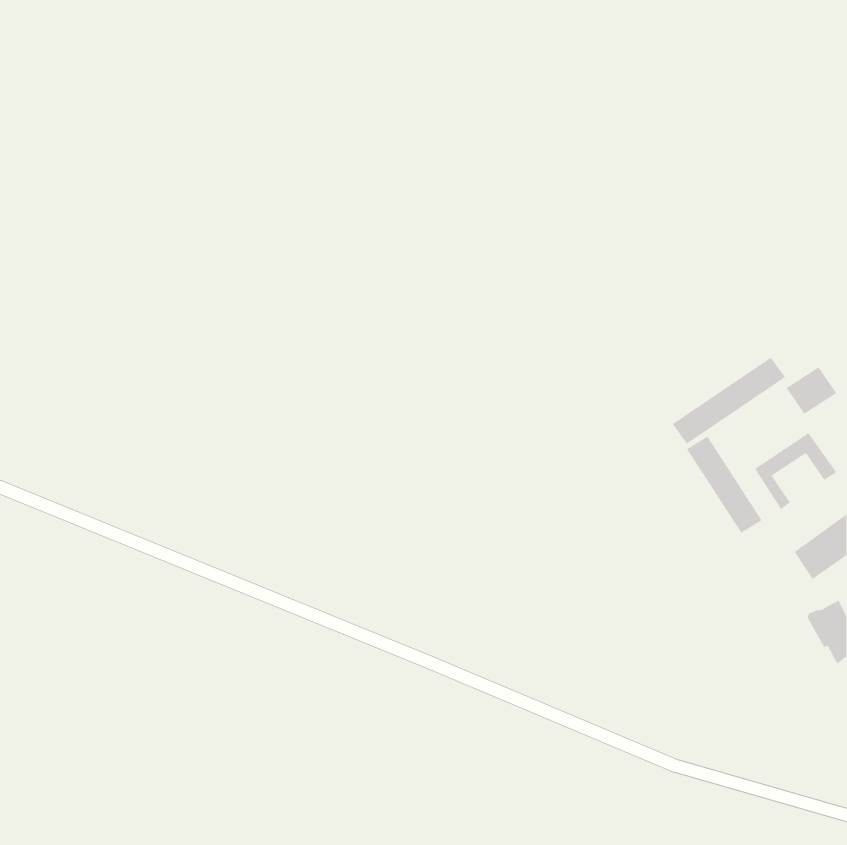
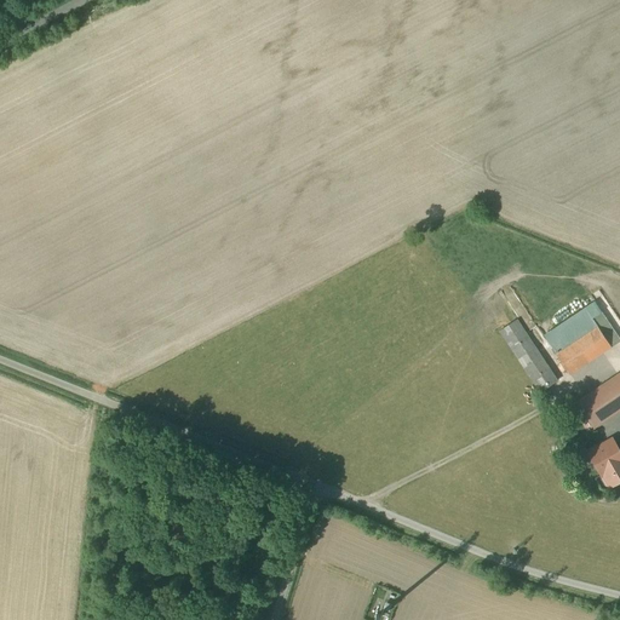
building: [672,357,786,444] -> none
building: [786,367,837,415] -> [564,332,602,367]

